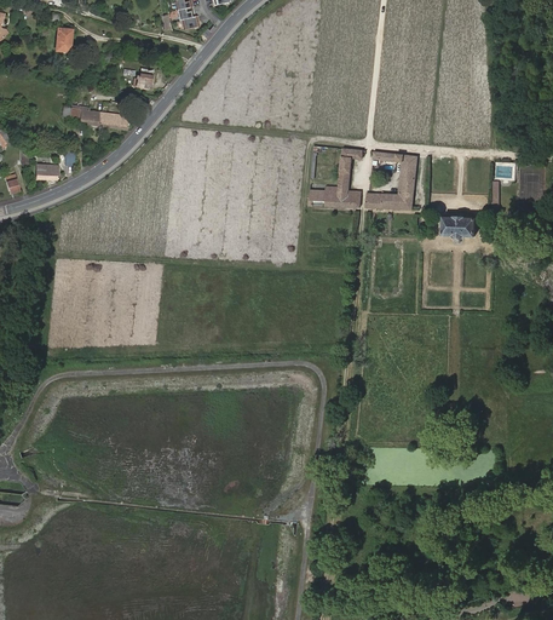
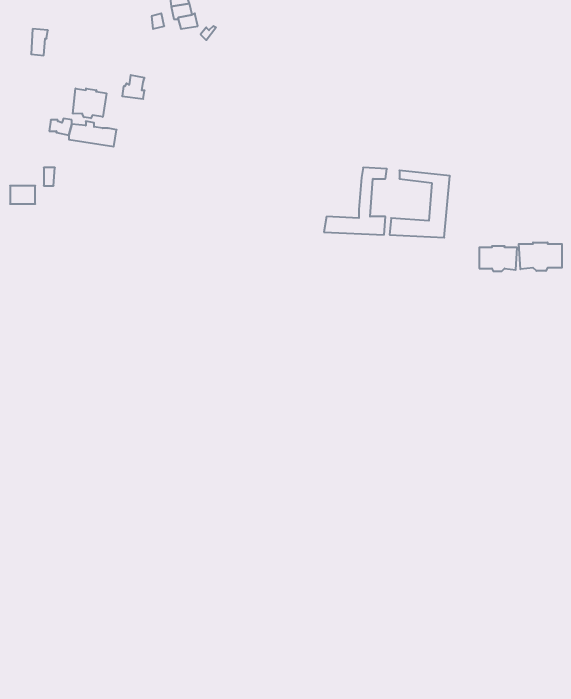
building: none -> [73,88,106,118]
building: none -> [519,242,562,271]

